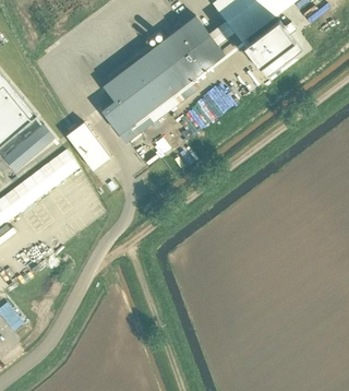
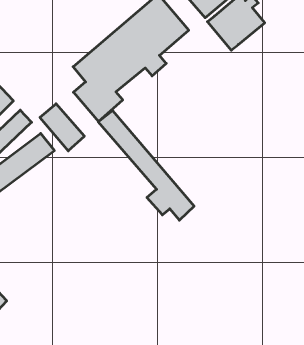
building: none -> [98,111,194,220]

